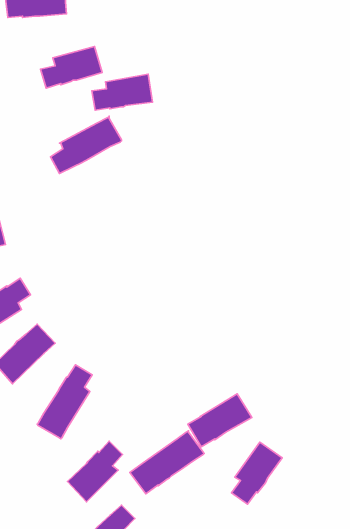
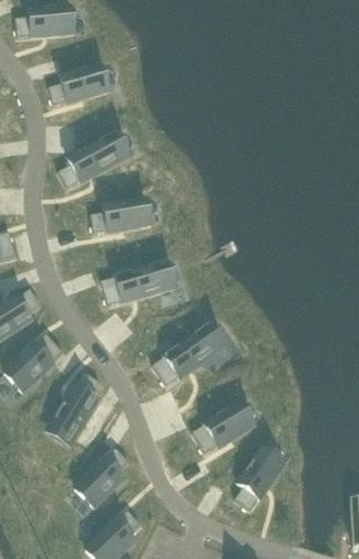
building: [92,74,153,110] -> [91,197,149,231]
building: none -> [101,260,173,304]
building: [130,431,204,494] -> [153,323,225,384]

